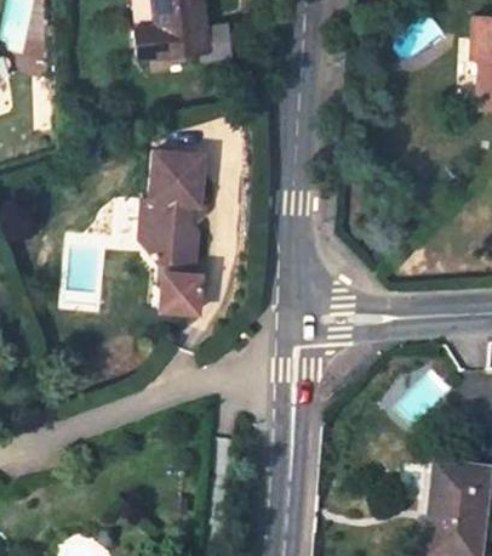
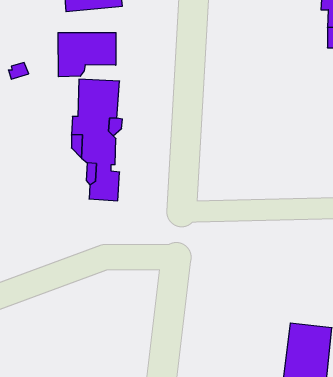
building: none -> [58,33,116,77]

